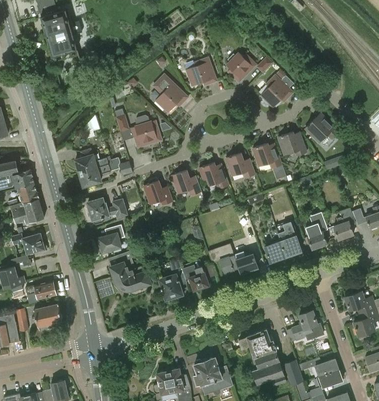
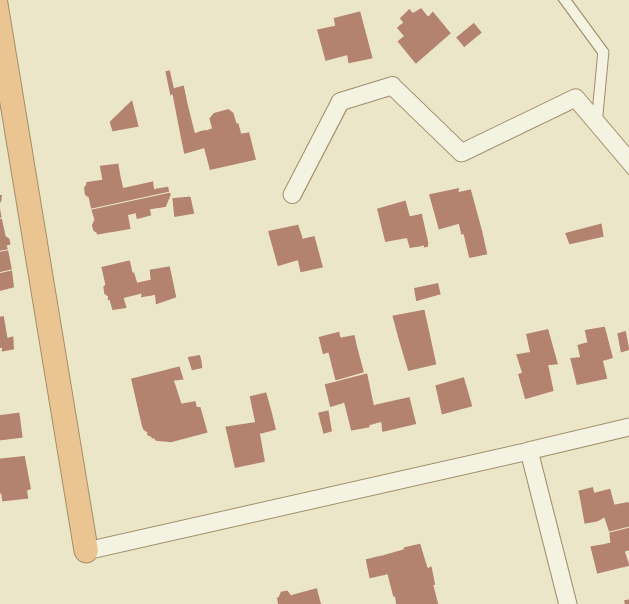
building: [261,70,294,108] -> none
building: [153,74,188,113] -> none
building: [305,118,339,143] -> none
building: [278,132,307,156] -> none
building: [199,163,229,189] -> none
building: [143,179,173,205] -> none
building: [275,223,301,256] -> [391,309,437,371]
building: [96,225,125,253] -> none
building: [183,265,209,291] -> [318,331,365,381]
building: [287,311,323,342] -> none

